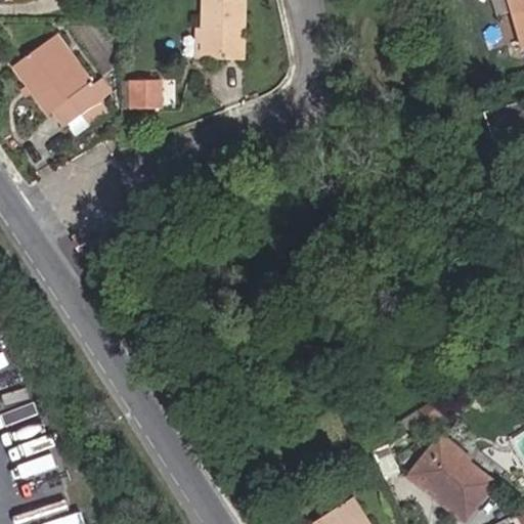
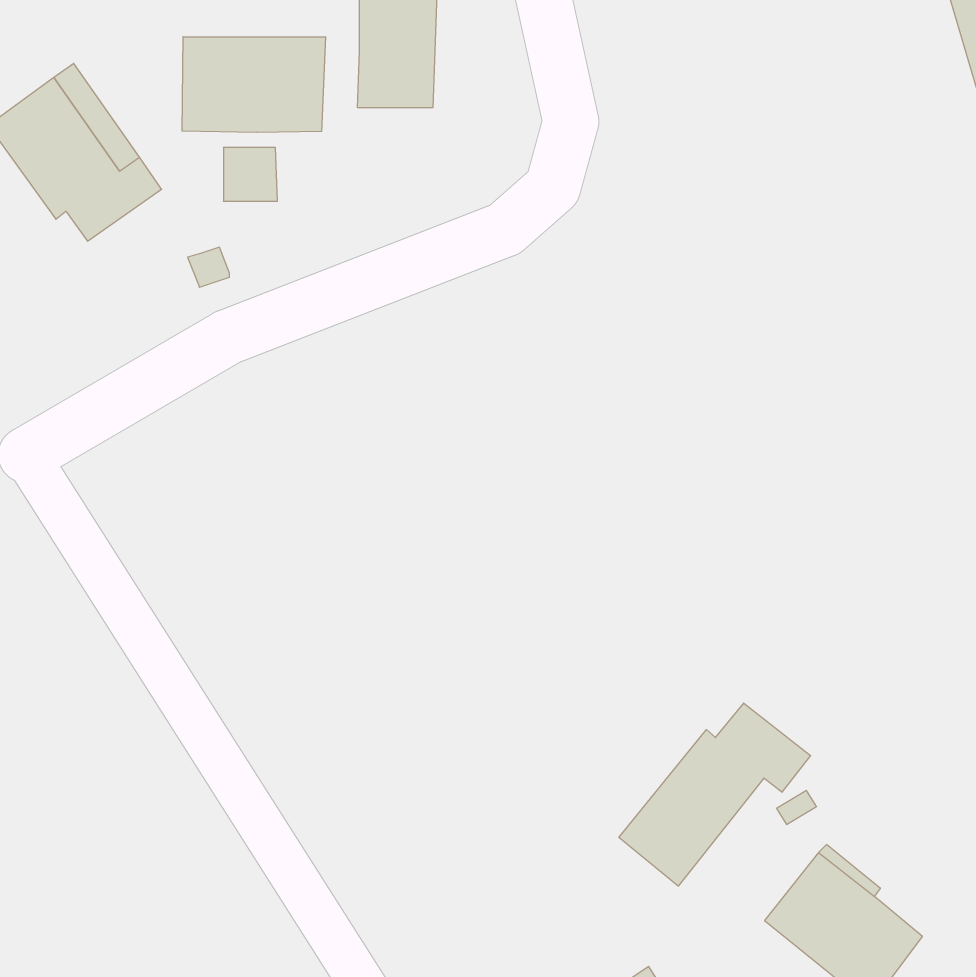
building: none -> [182,37,325,132]
building: none -> [619,703,811,886]

